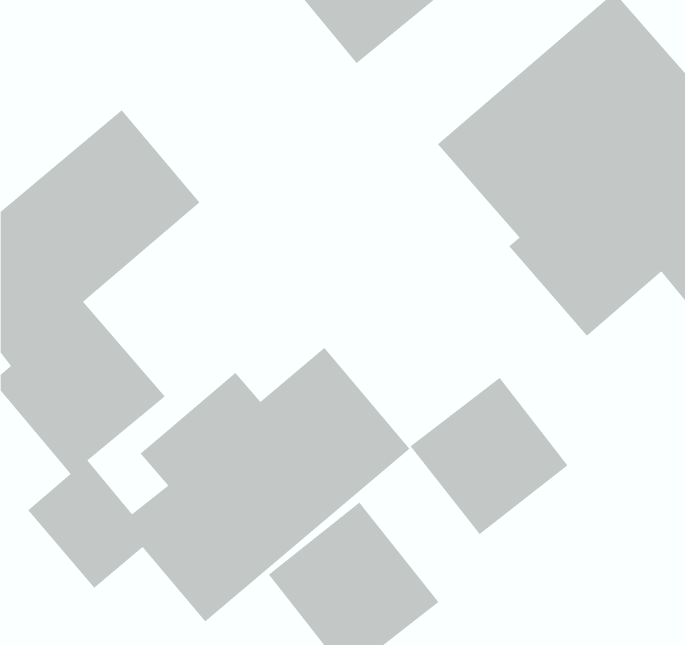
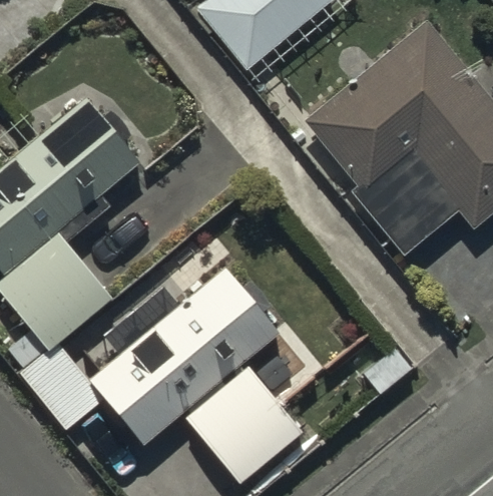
building: [410,377,568,535] -> none

